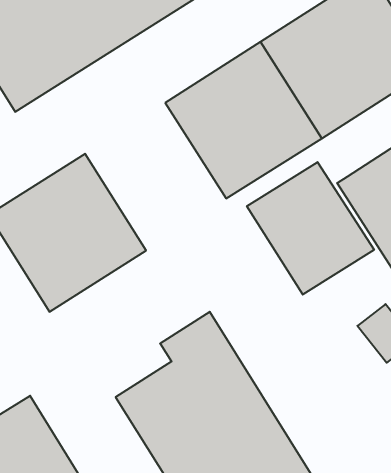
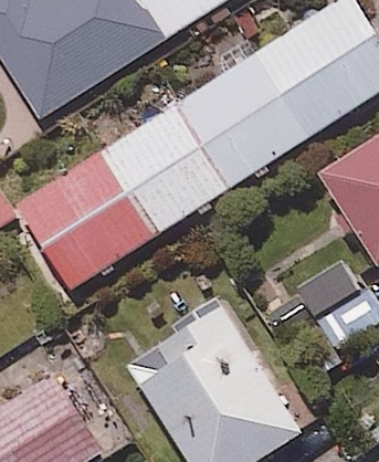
building: none -> [102,108,224,237]
building: [247,162,374,295] -> none

